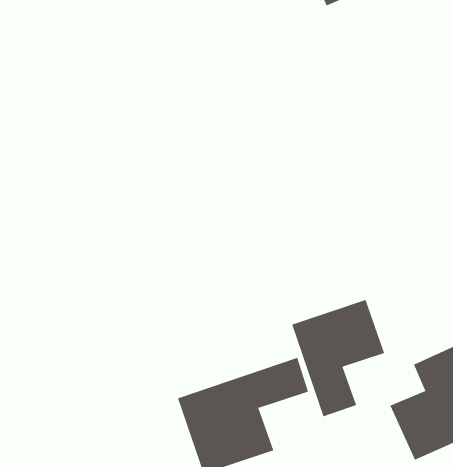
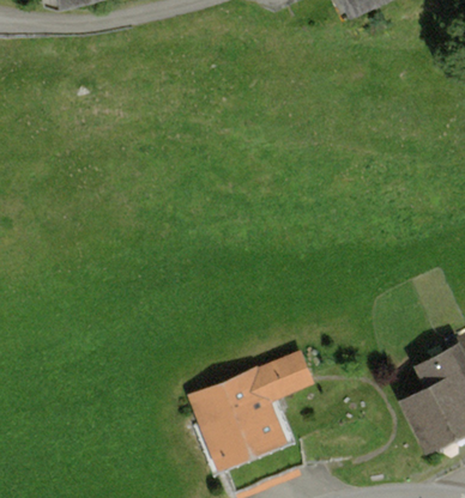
building: [292,299,385,417] -> none

